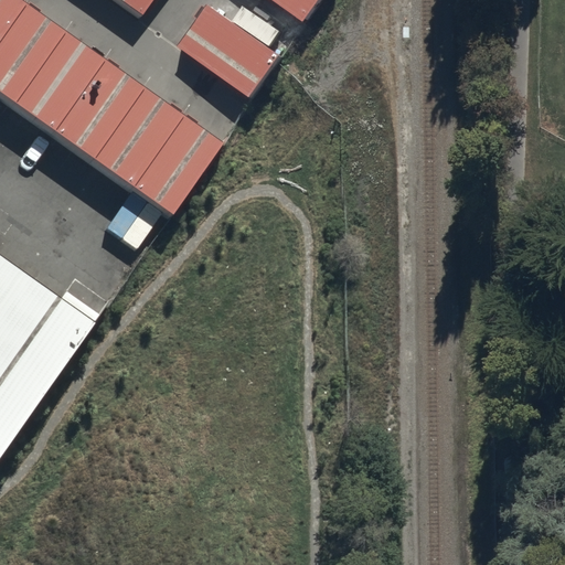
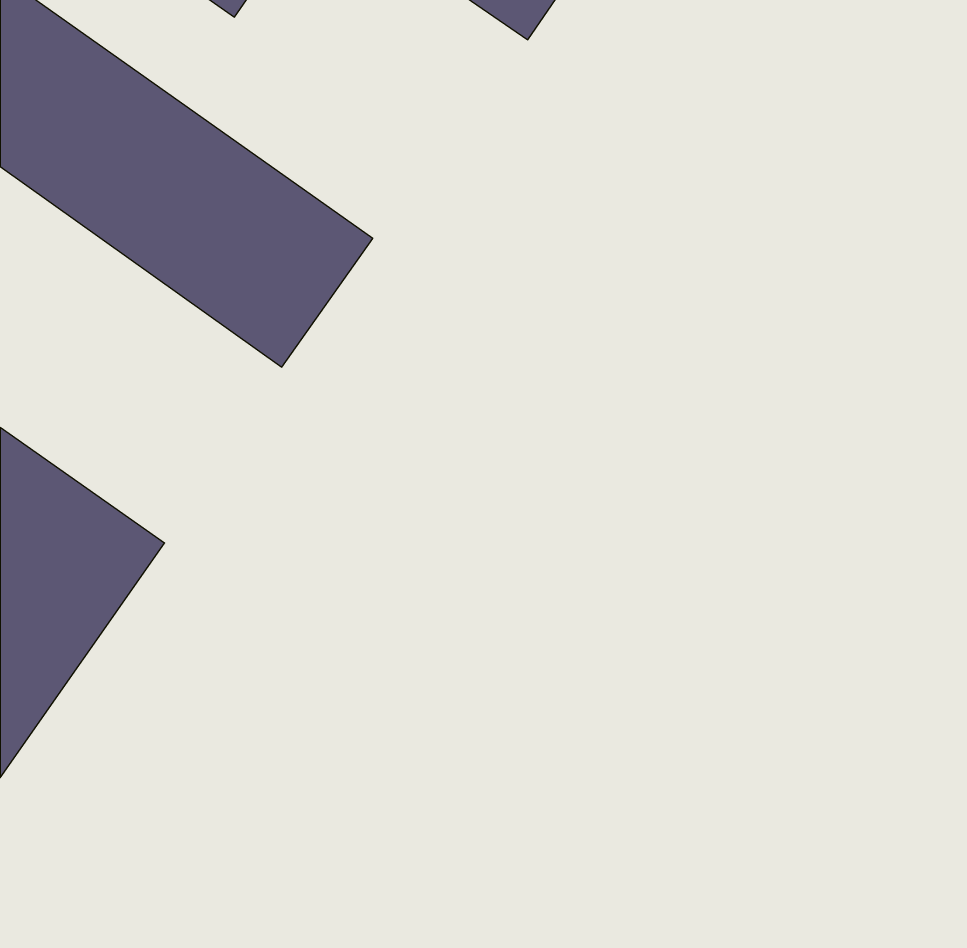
building: [179,4,282,99] -> none

